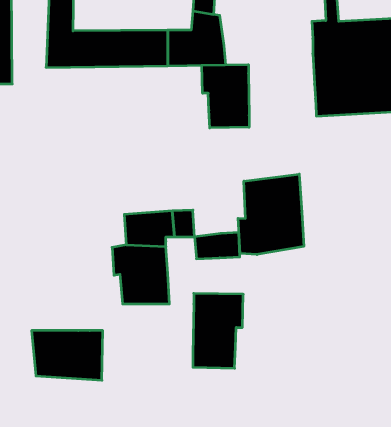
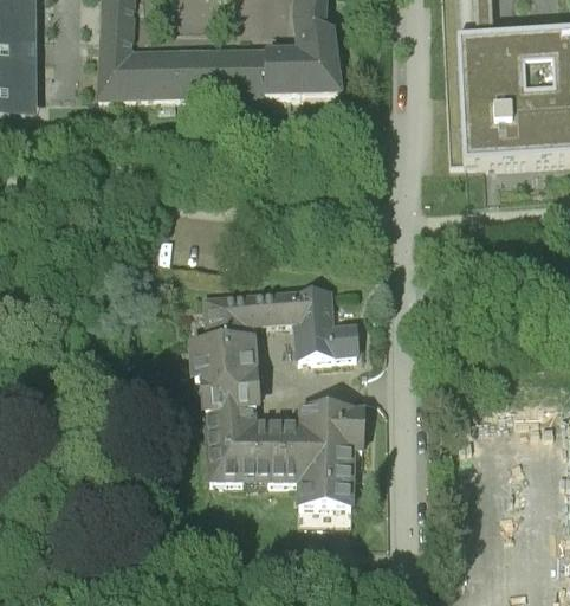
building: [202,65,249,128] -> none
building: [238,174,304,255] -> none
building: none -> [294,288,332,327]
building: [32,331,103,380] -> [199,418,296,485]

